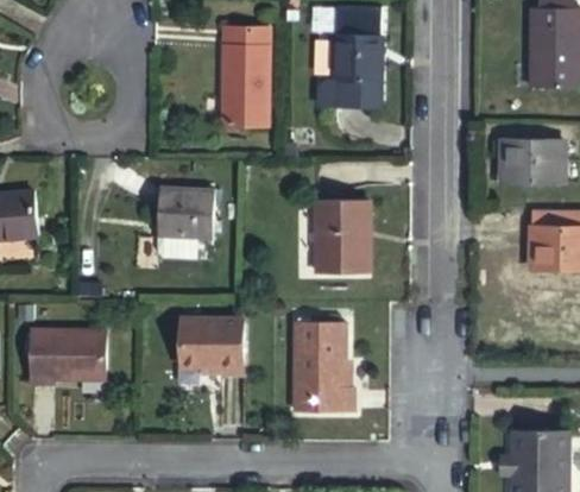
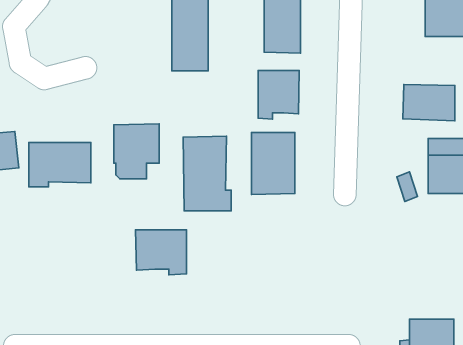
building: none -> [258,70,299,119]
building: [295,322,353,412] -> [183,136,231,211]
building: [31,330,106,384] -> [29,143,91,187]

